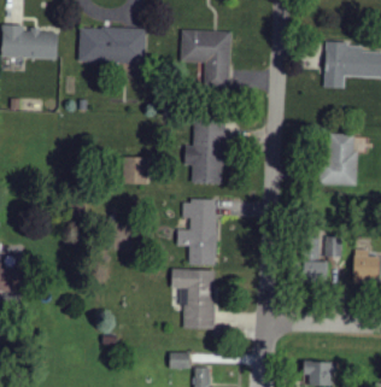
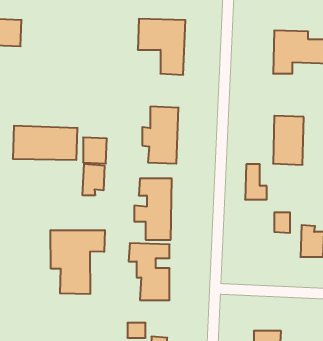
building: [78,28,147,64] -> [13,126,78,160]
building: none -> [83,164,105,195]
building: [304,238,327,275] -> [245,164,267,200]
building: none -> [51,230,105,294]

